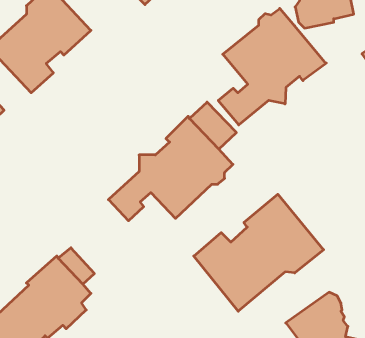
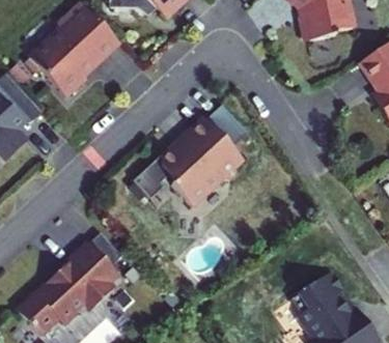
building: [218,8,326,125] -> none
building: [194,194,324,311] -> none

